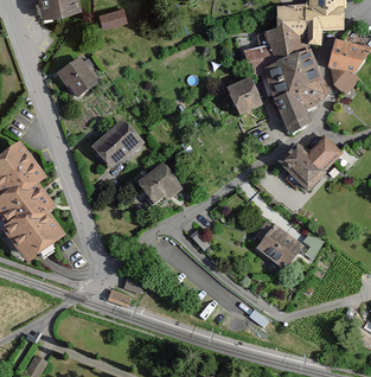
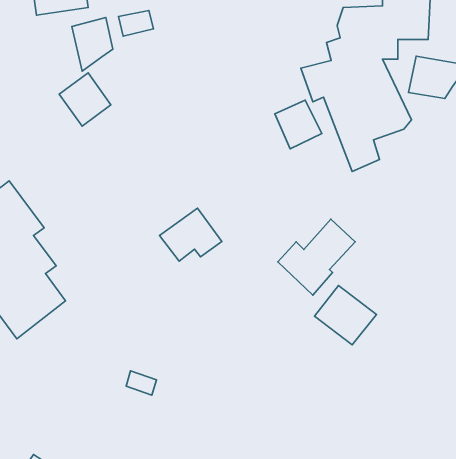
building: none -> [72,18,113,71]
building: [91,119,146,172] -> none
building: [280,133,340,192] -> [278,219,355,295]

